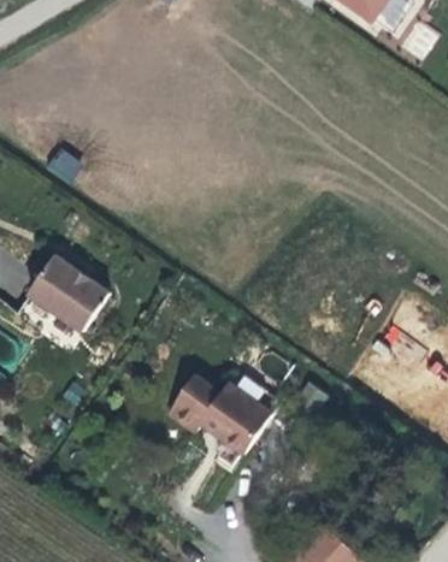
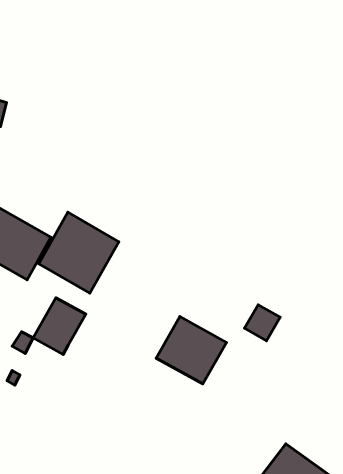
building: none -> [39,212,119,293]
building: [165,374,219,431] -> [33,298,86,354]

